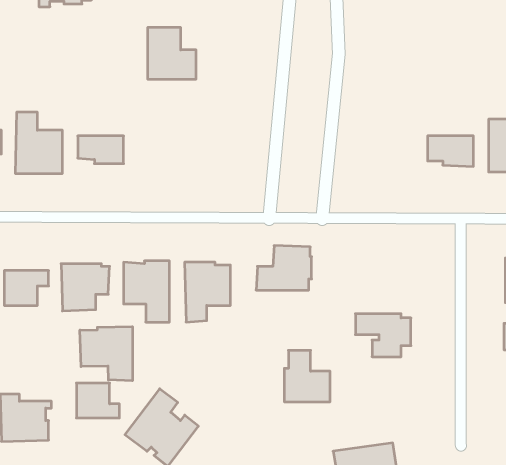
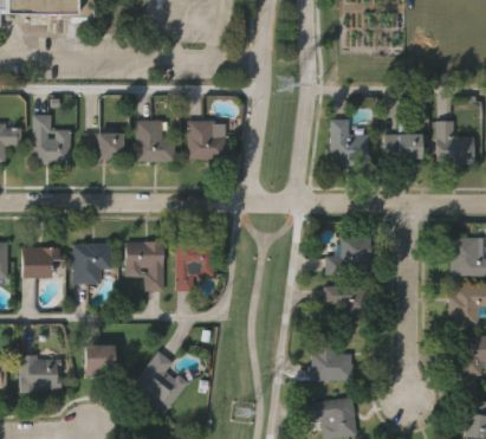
building: [148,28,196,79] -> [135,118,176,162]
building: none -> [329,117,370,166]
building: none -> [188,118,227,160]
building: [256,246,312,290] -> [325,237,372,275]
building: [80,327,132,381] -> none
building: [284,350,330,402] -> [311,337,350,381]

